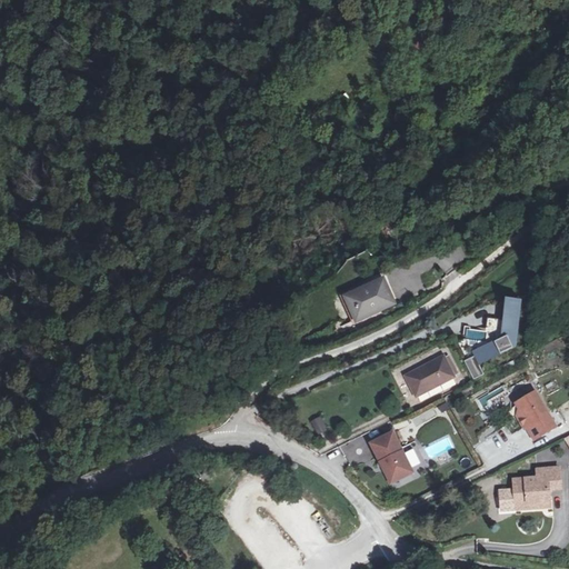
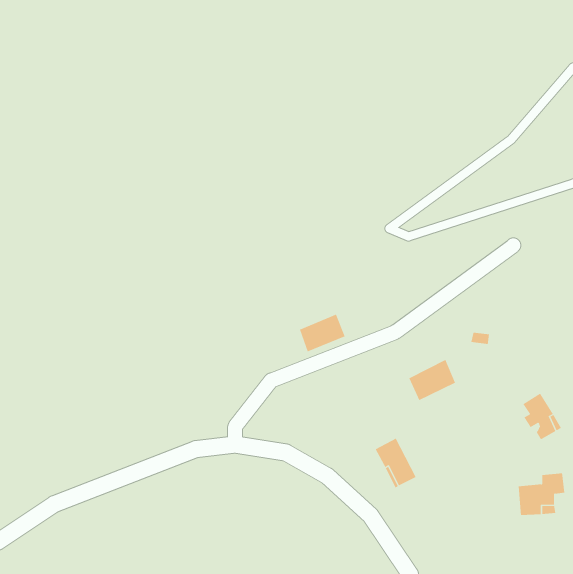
building: [351,279,397,317] -> [299,314,345,352]
building: [471,298,521,363] -> none

